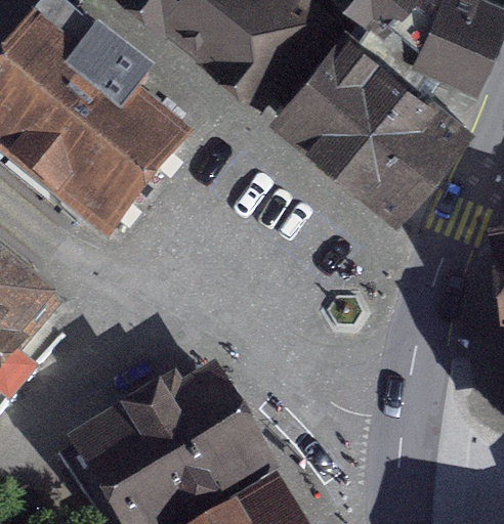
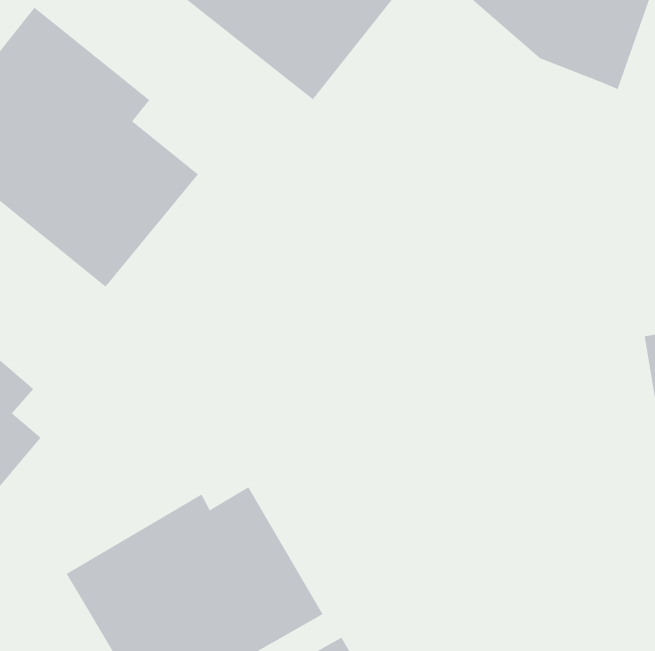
building: [284,47,451,204] -> none

